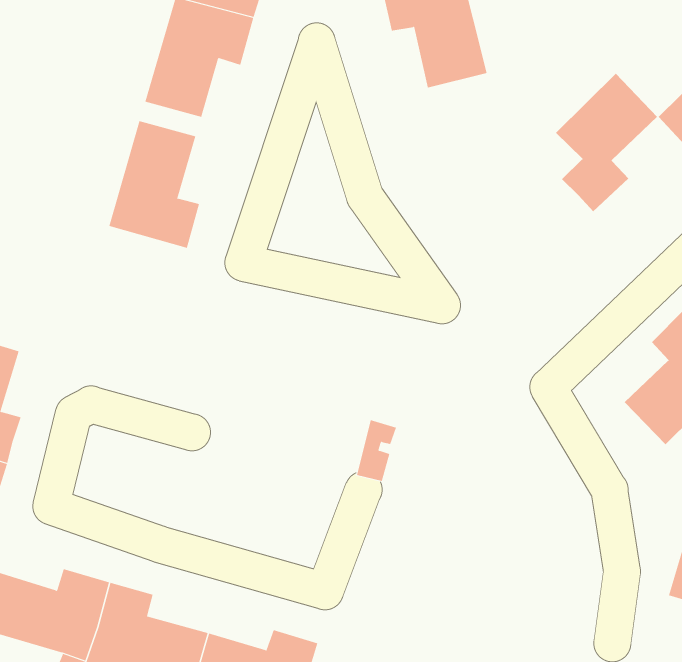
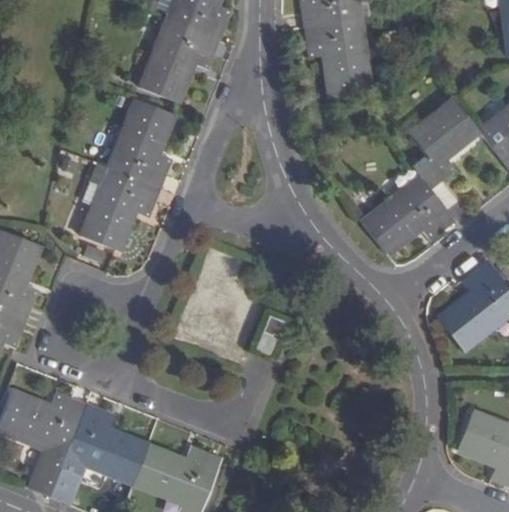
building: none -> [362,178,454,256]
building: none -> [81,163,159,251]

